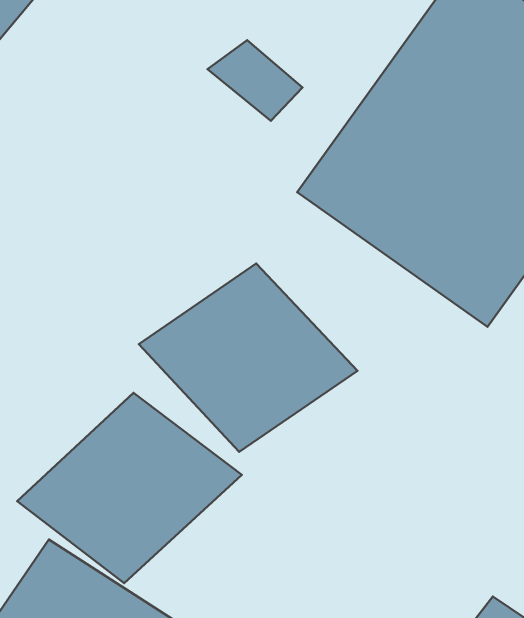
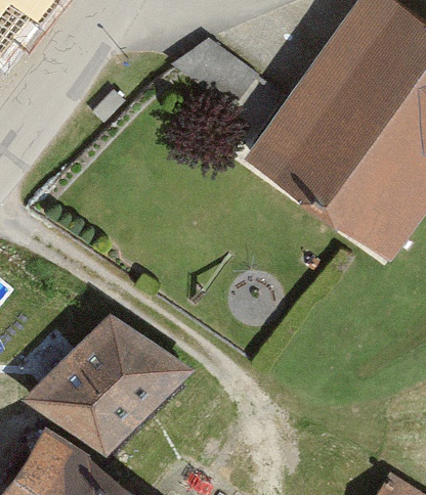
building: [139,263,358,452] -> none

